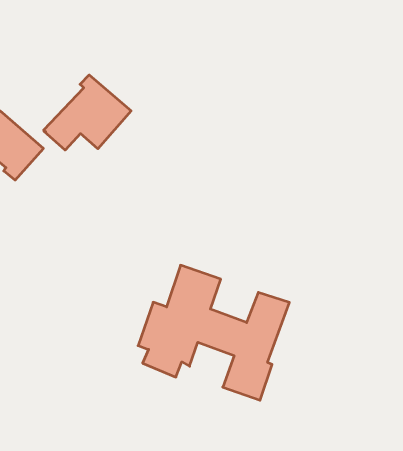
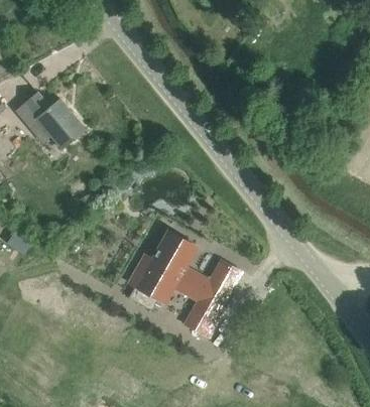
building: [44,75,131,150] -> none

